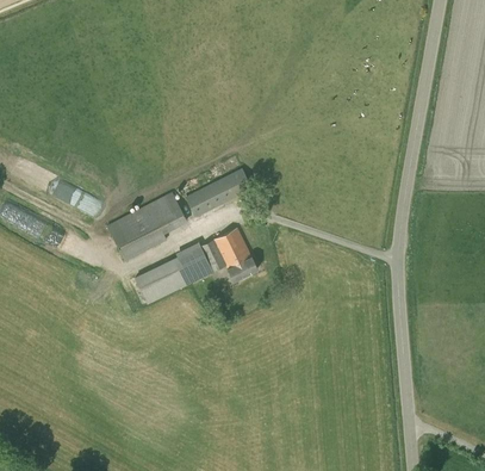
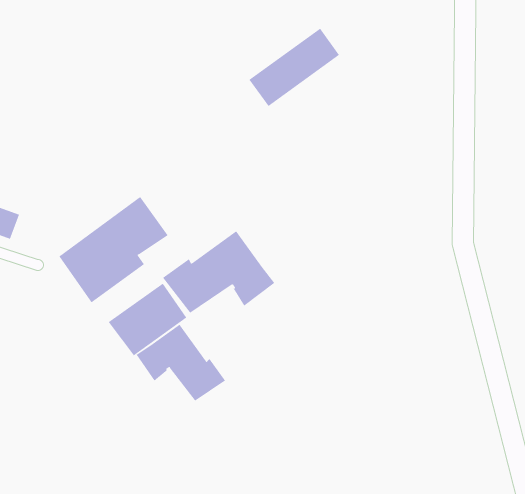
building: [185,168,253,218] -> [249,28,340,107]
building: none -> [136,324,226,401]

